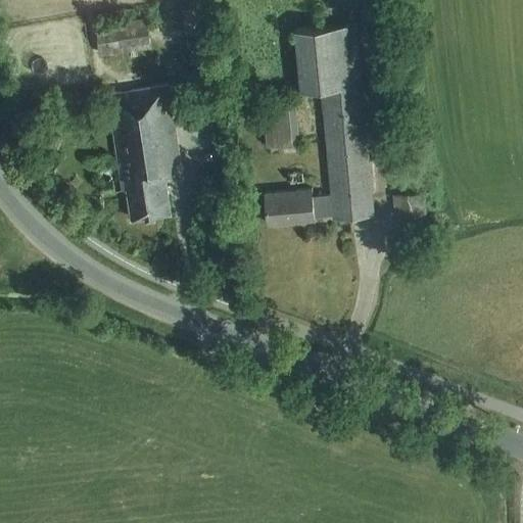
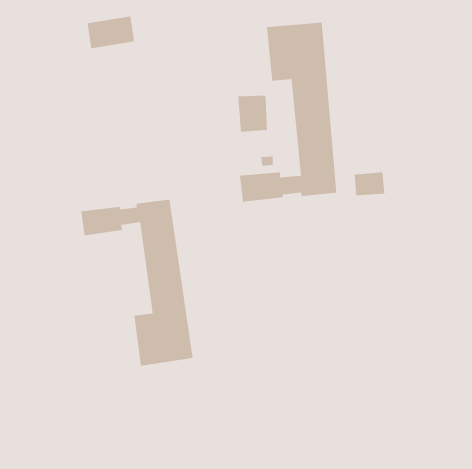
building: [99,89,181,222] -> none
building: none -> [81,199,193,366]

